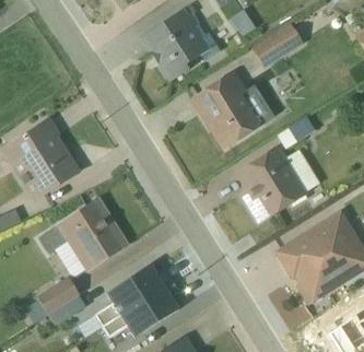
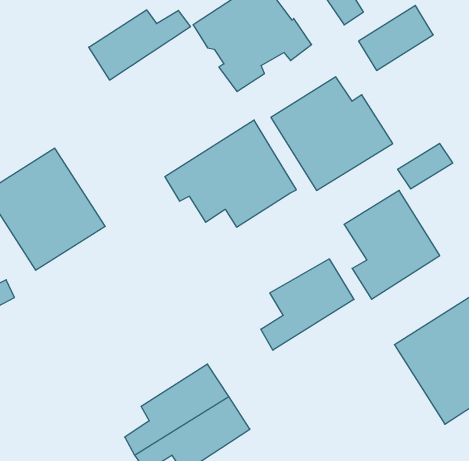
building: none -> [89,10,190,80]
building: none -> [261,259,354,350]
building: [39,198,128,270] -> [165,120,296,227]
building: [38,277,80,314] -> none

